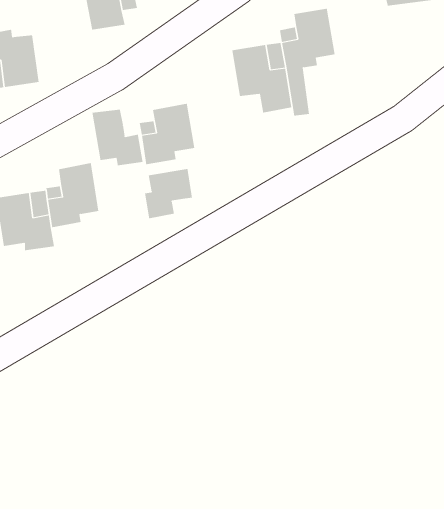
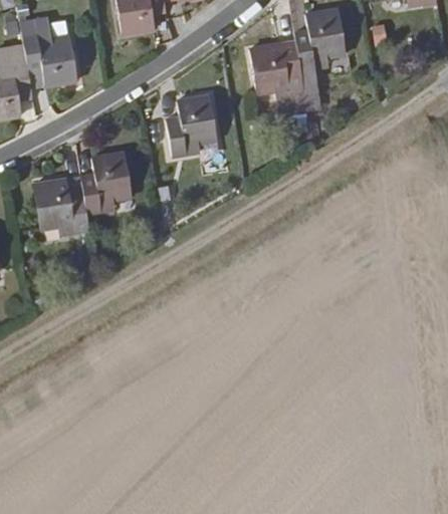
building: [92,109,143,166] -> none
building: [144,168,192,219] -> none

